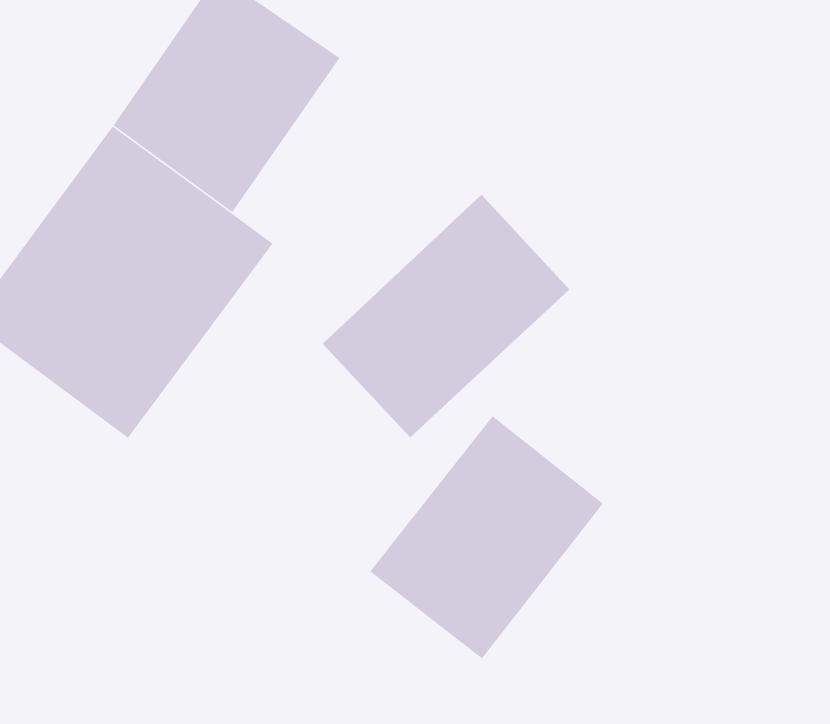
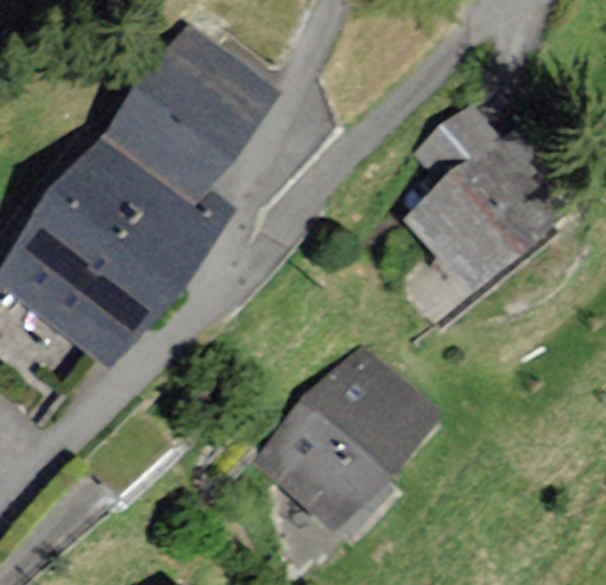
building: none -> [407,118,575,292]
building: [322,194,570,438] -> none

